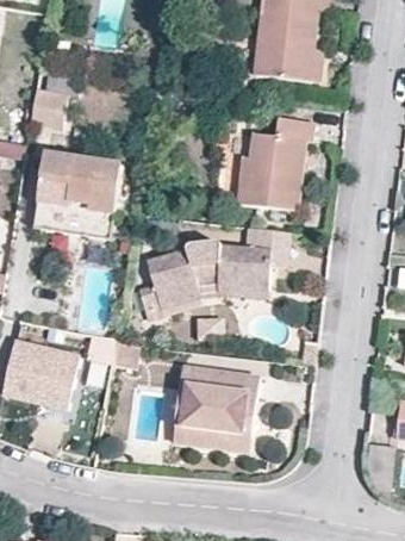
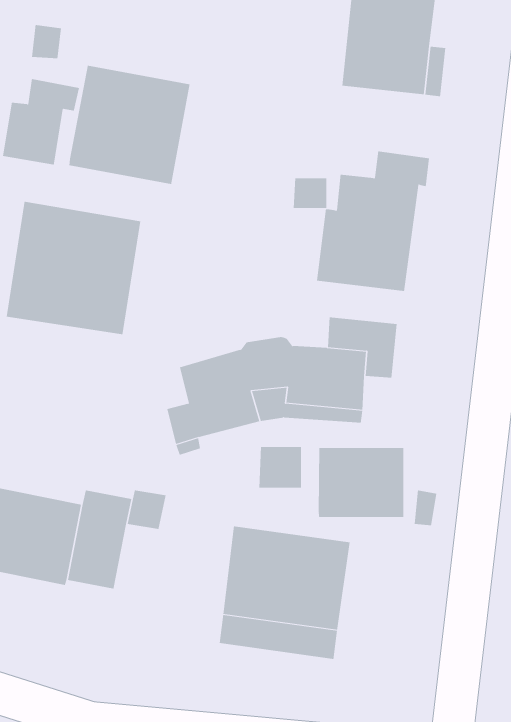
building: none -> [69,65,190,185]
building: none -> [318,447,404,518]

